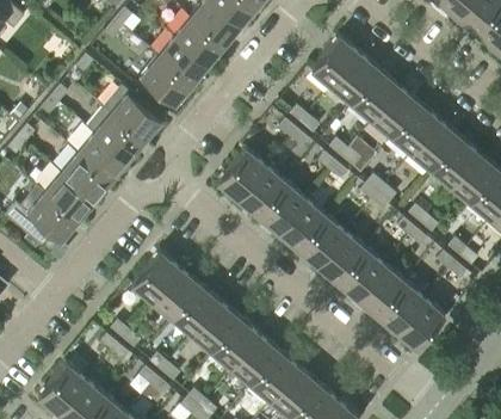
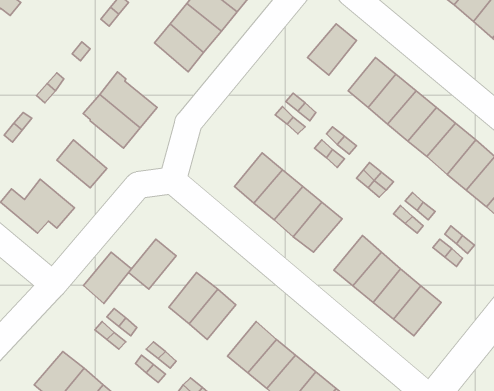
building: [332,54,378,104] -> none
building: [140,56,191,105] -> none
building: [76,134,126,181] -> none
building: [217,149,265,199] -> none
building: [43,173,93,221] -> none
building: [316,232,365,283] -> none
building: [151,269,199,320] -> [84,252,131,303]
building: [210,318,259,369] -> none

